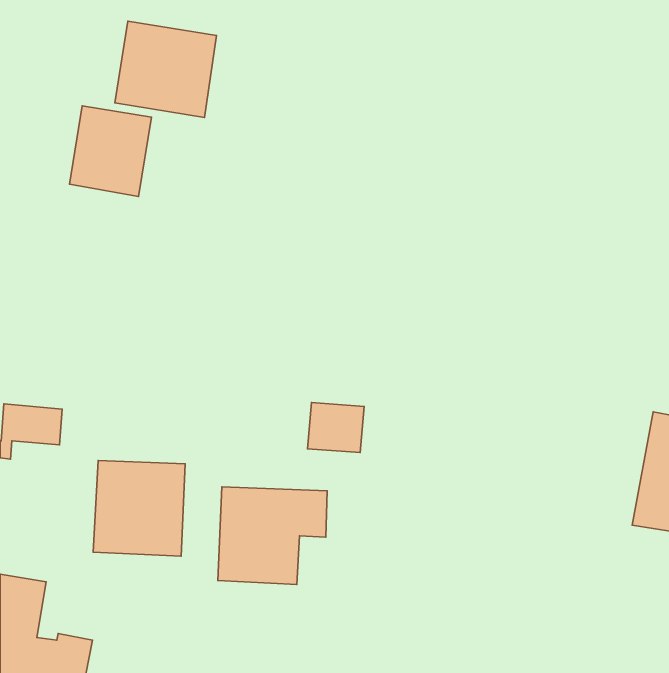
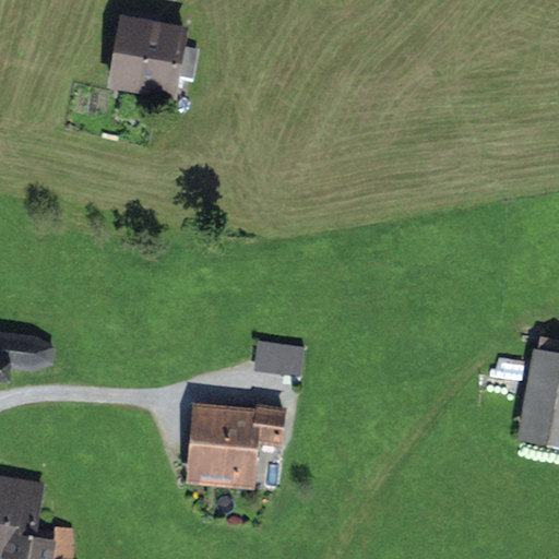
building: [70,106,151,197] -> none
building: [93,460,185,556] -> none

